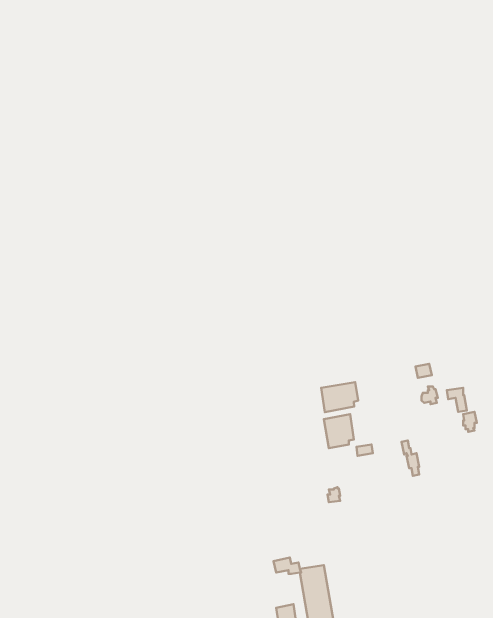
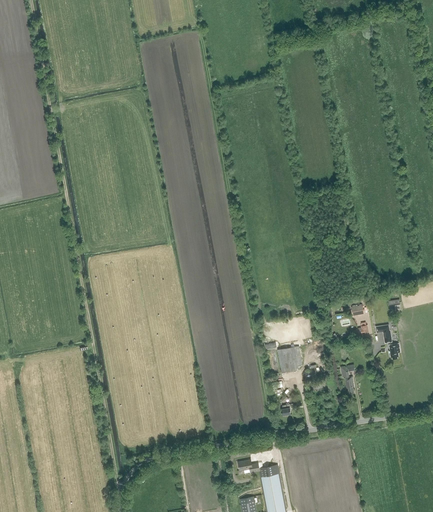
building: [321,382,358,412] -> none

